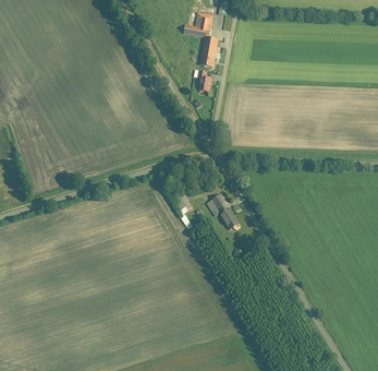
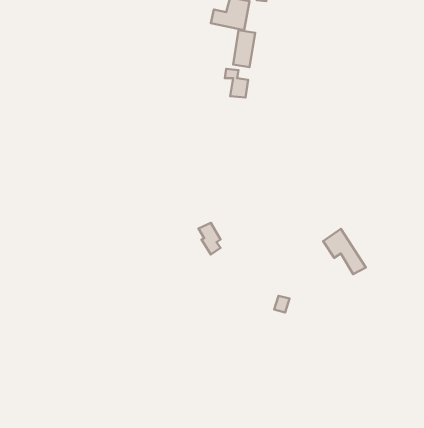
building: [207,193,241,229] -> [323,229,366,274]

